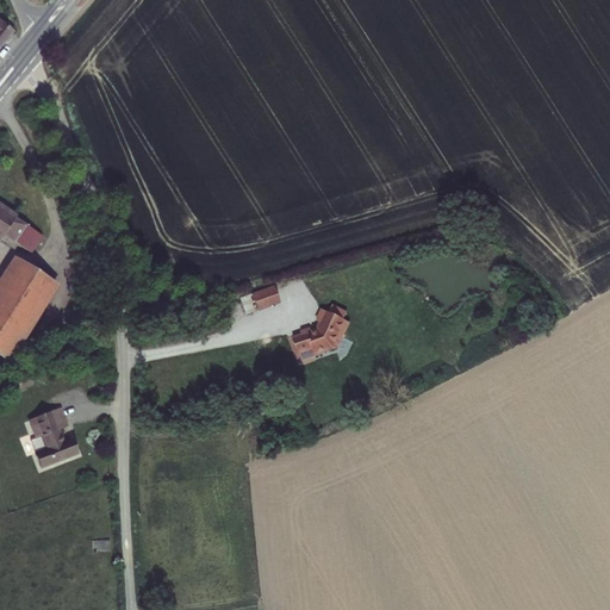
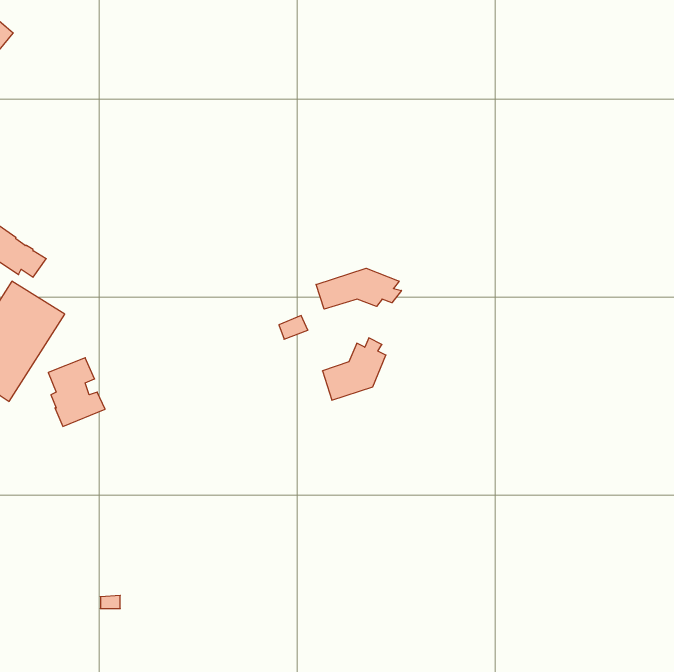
building: none -> [316,268,401,309]
building: [26,405,77,467] -> [48,358,105,426]

